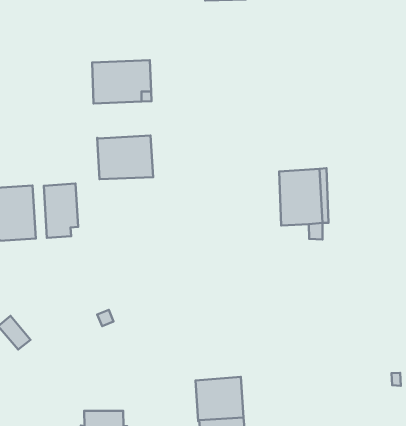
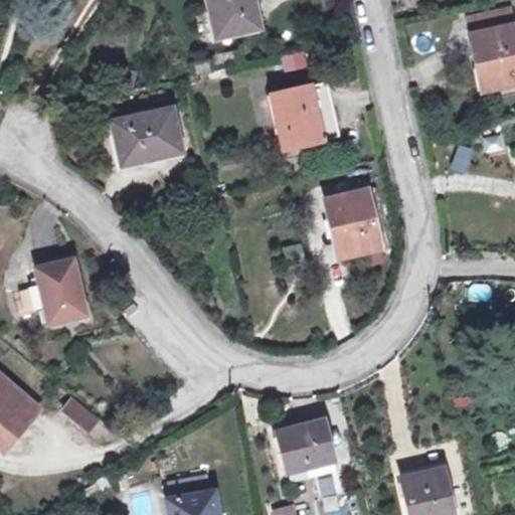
building: none -> [273,82,340,149]
building: [97,136,153,179] -> none
building: [44,184,78,238] -> none

